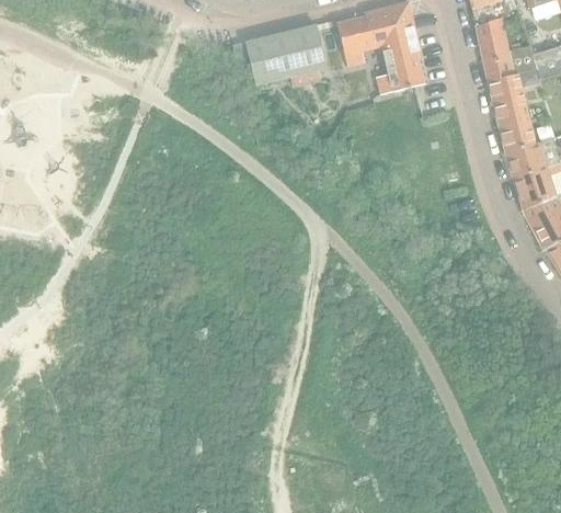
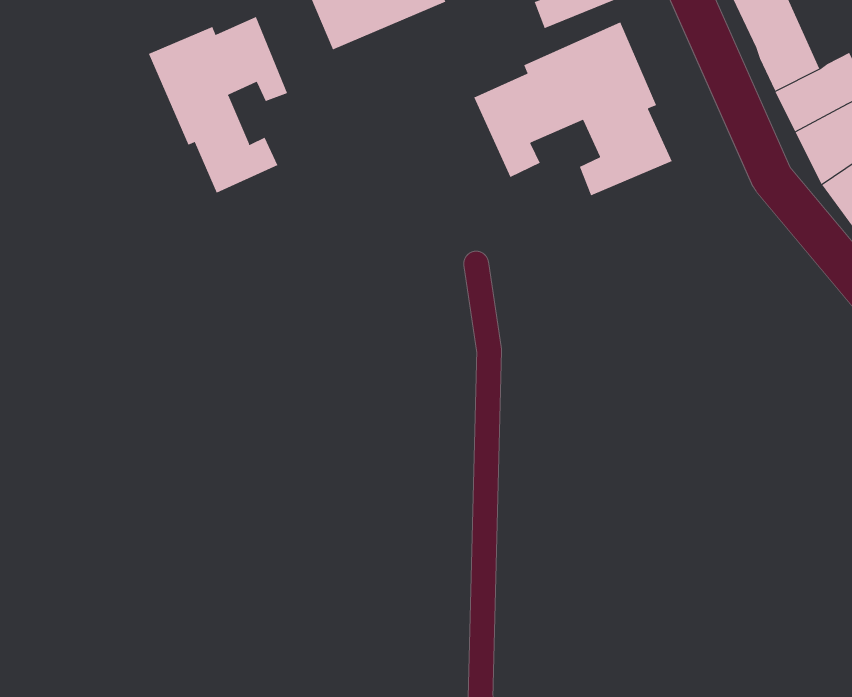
building: none -> [148,16,288,193]
building: none -> [473,22,672,196]

